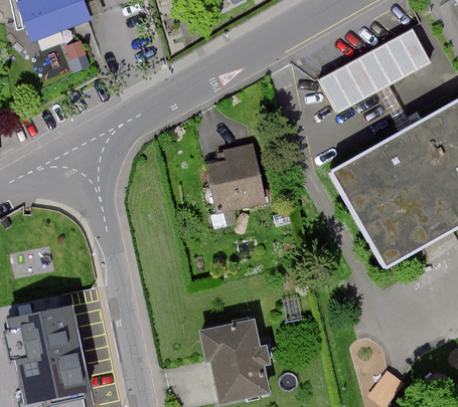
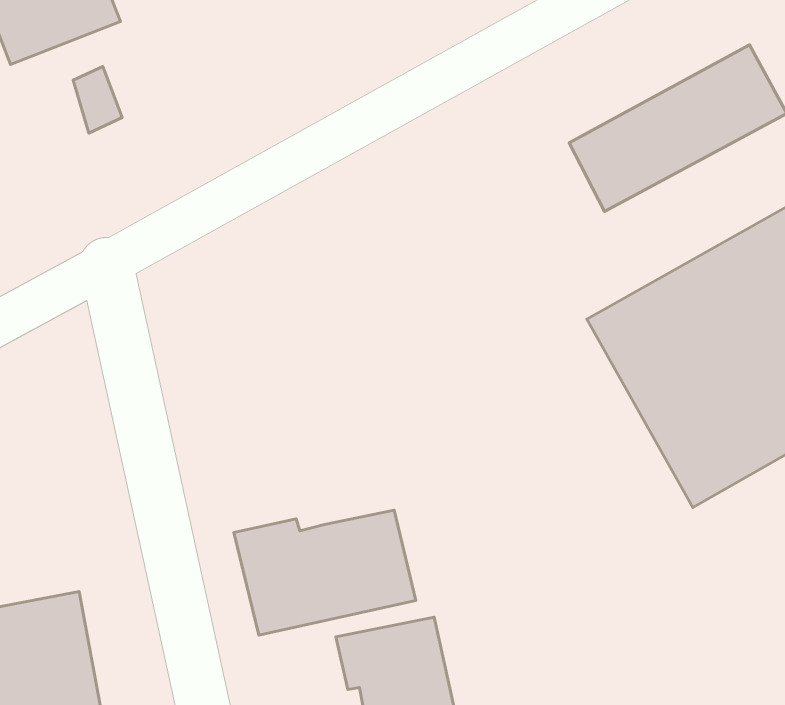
building: [211,143,267,209] -> none
building: none -> [234,510,416,635]

